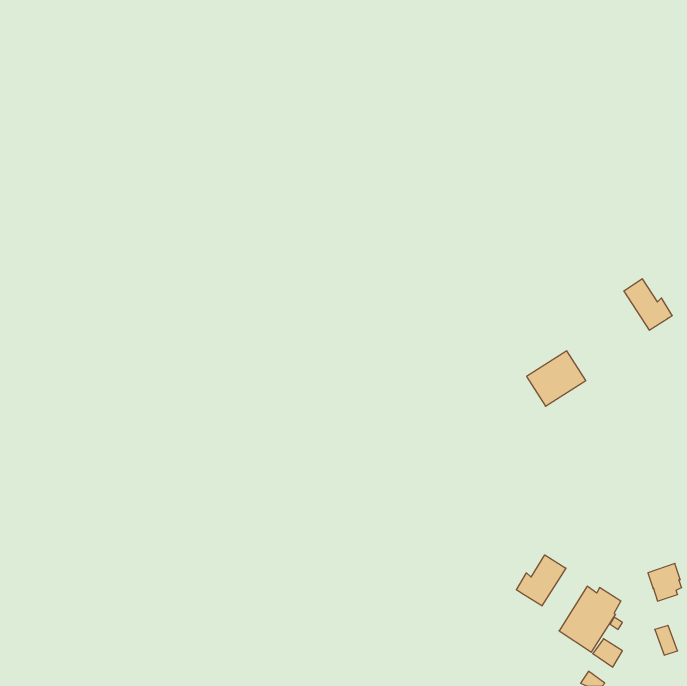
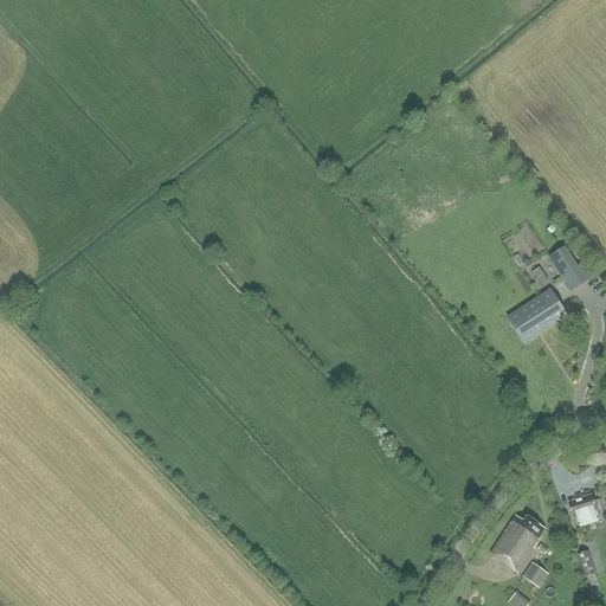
building: [527,351,586,406] -> [510,291,562,340]
building: [516,555,566,606] -> none

